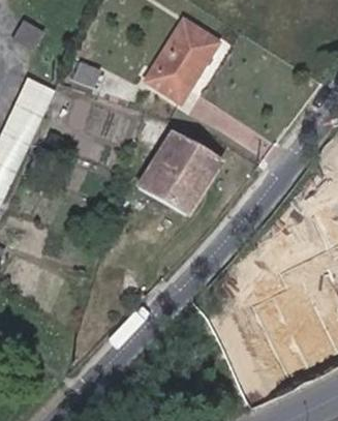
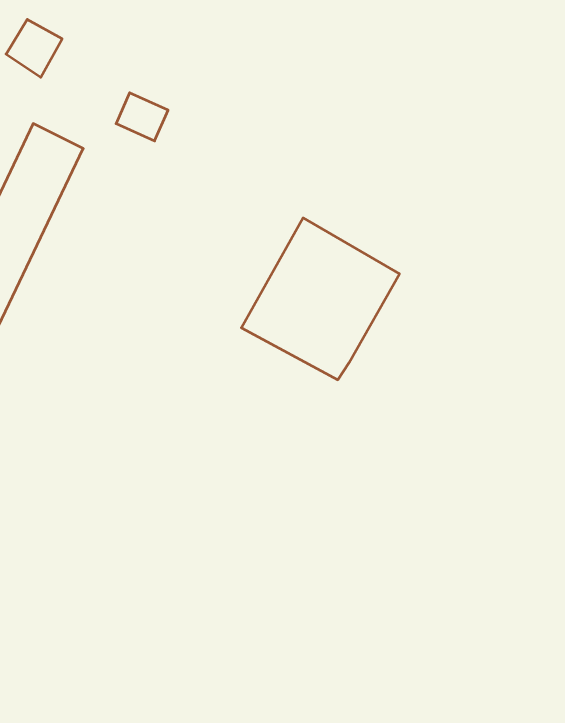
building: [144,20,217,102] -> none

